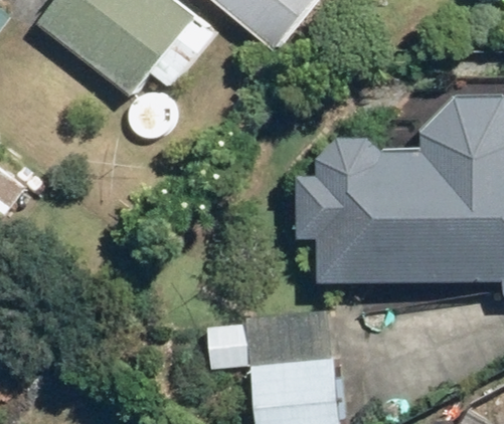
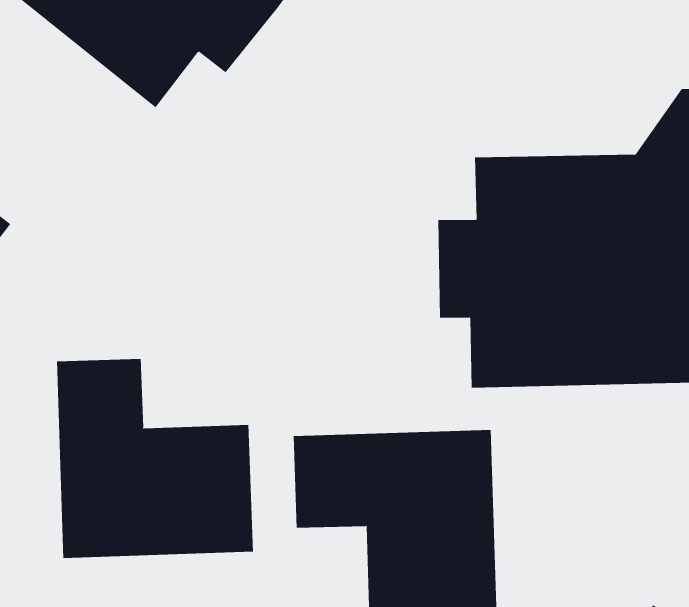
building: none -> [56,358,254,559]

